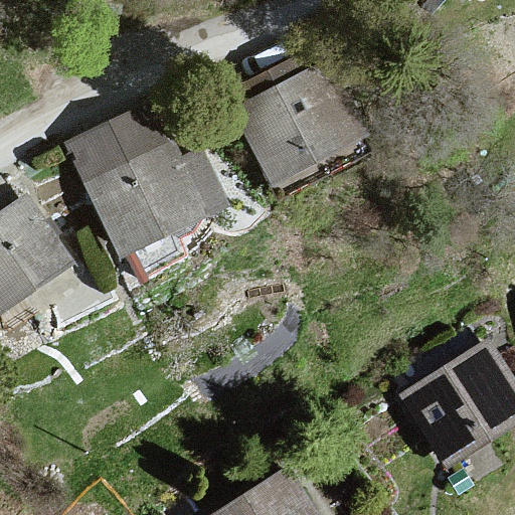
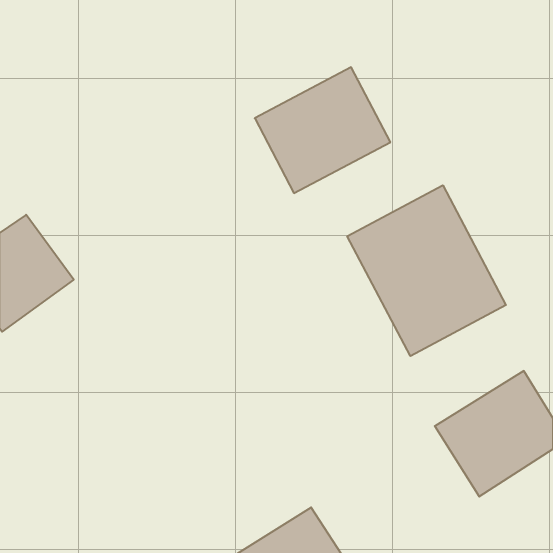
building: [69,107,221,251] -> none
building: none -> [347,185,506,356]

